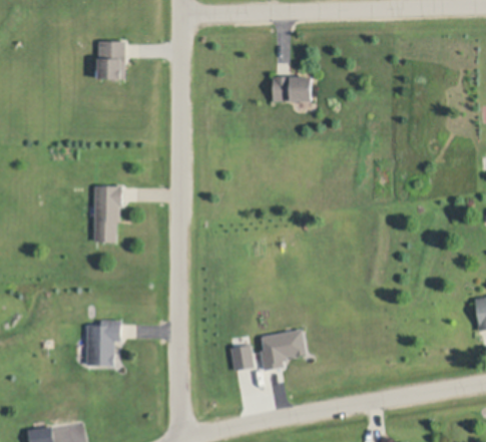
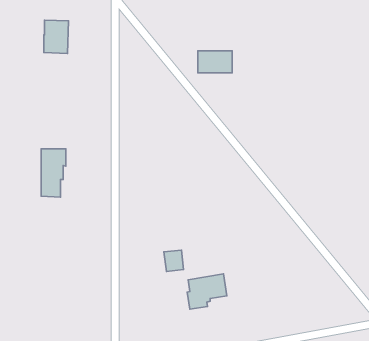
building: [85,320,119,365] -> none
building: [231,347,254,371] -> [164,250,183,271]

